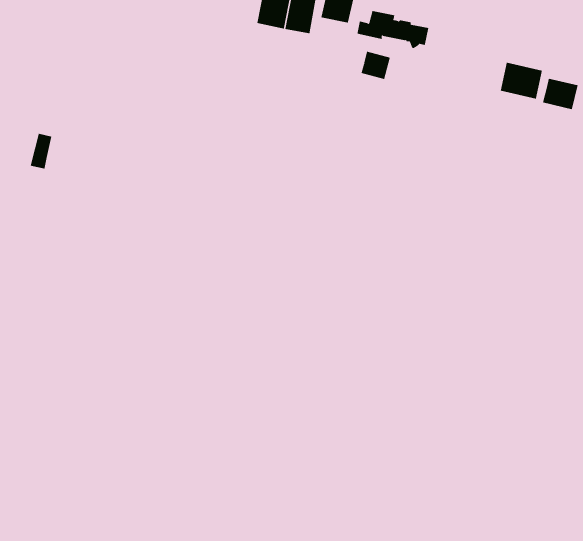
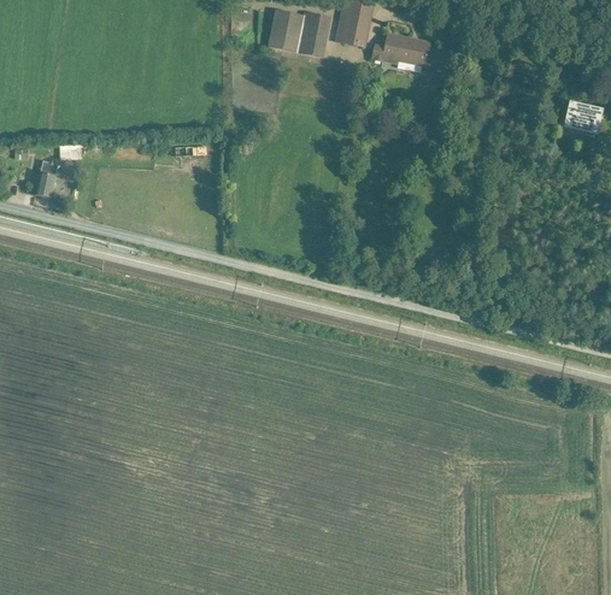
building: [361,51,391,80] -> none
building: [500,62,542,99] -> none

